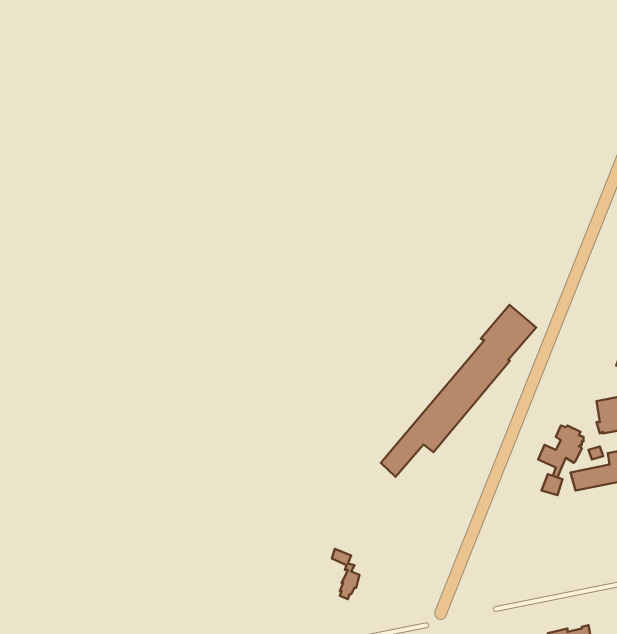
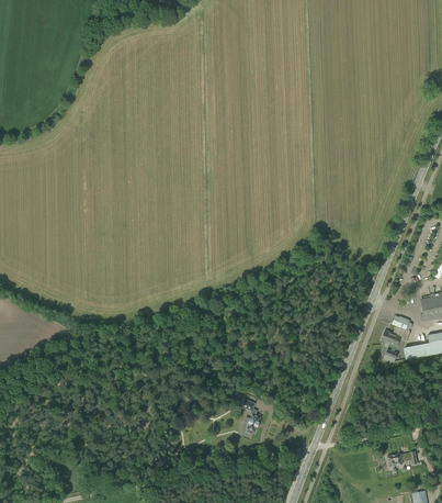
building: [381,305,536,477] -> none

